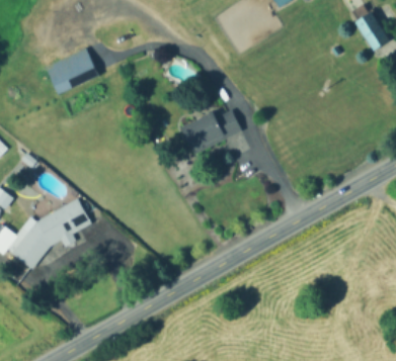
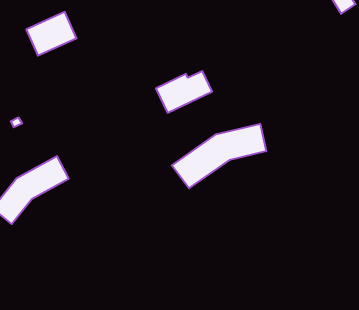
building: none -> [172,124,266,188]

